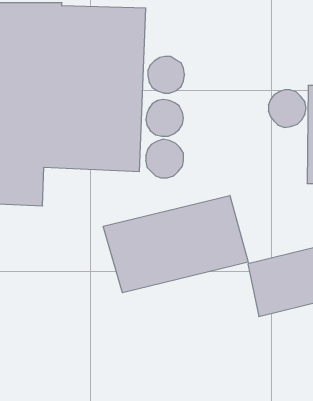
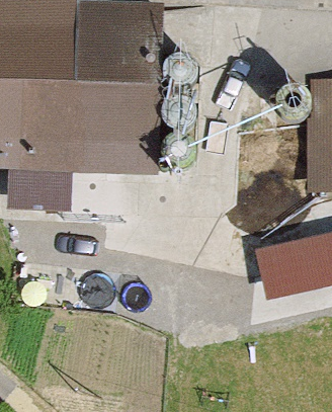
building: [103,195,248,293] -> none

